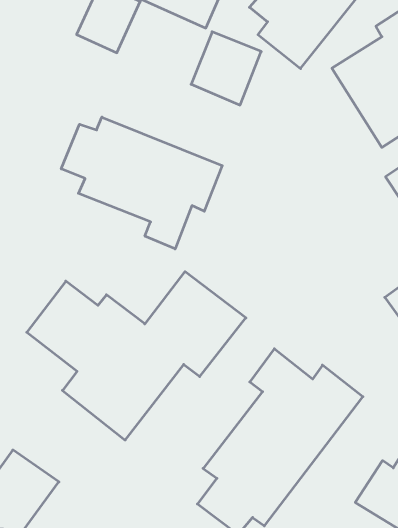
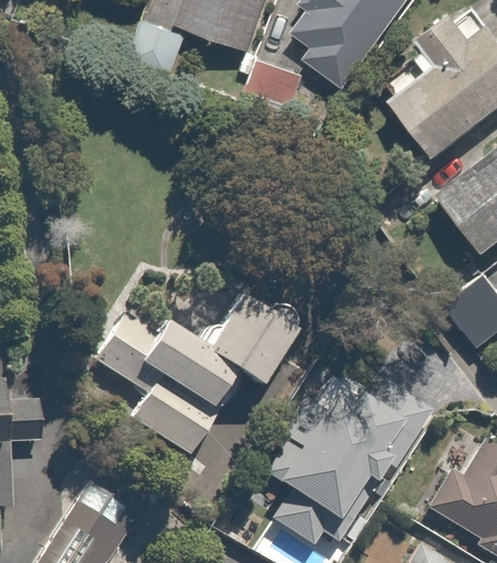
building: [61,117,222,249] -> none

